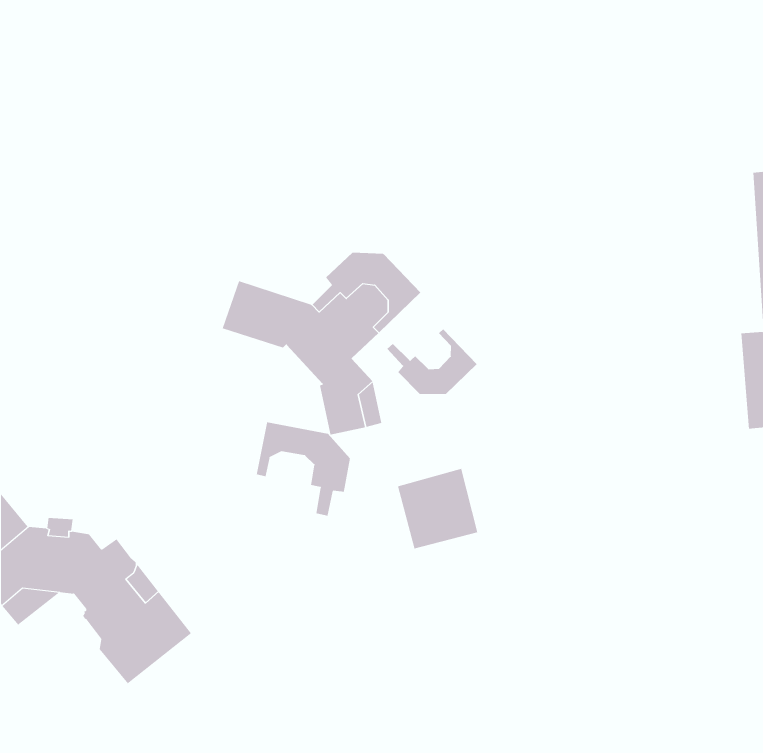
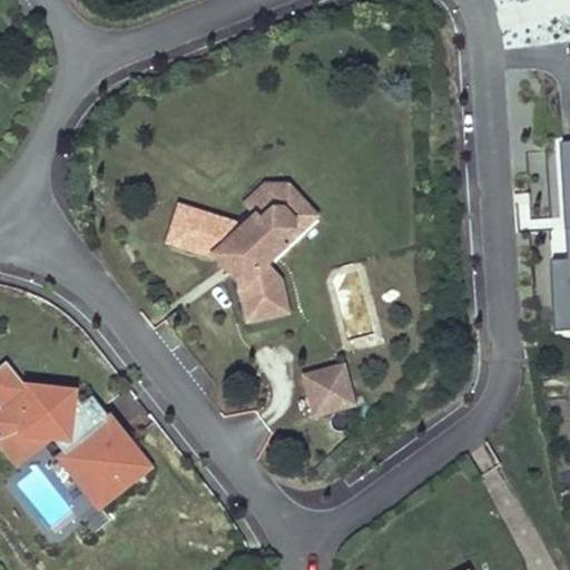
building: [387,328,478,395] -> none
building: [256,421,350,516] -> none

